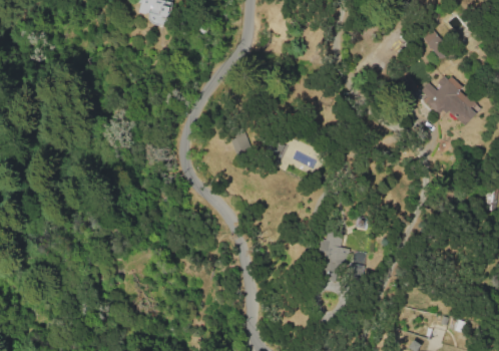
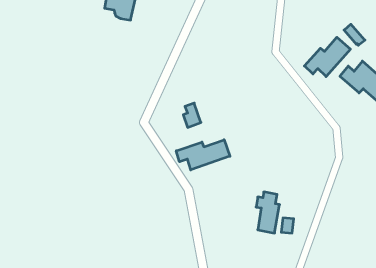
building: none -> [304,37,350,77]
building: none -> [176,140,230,170]

